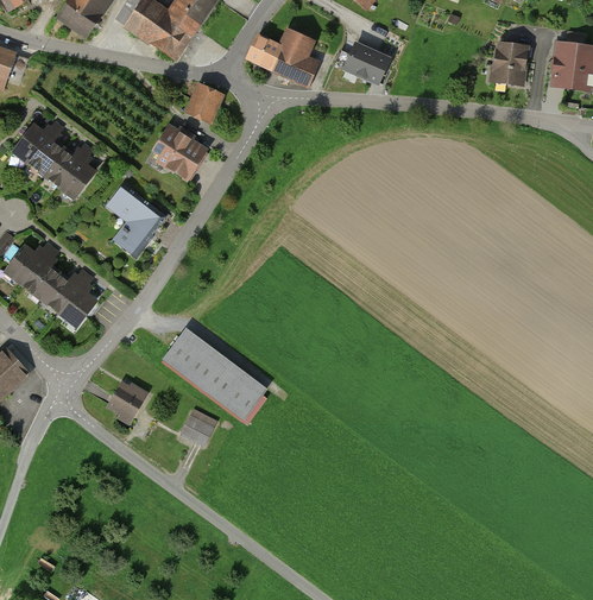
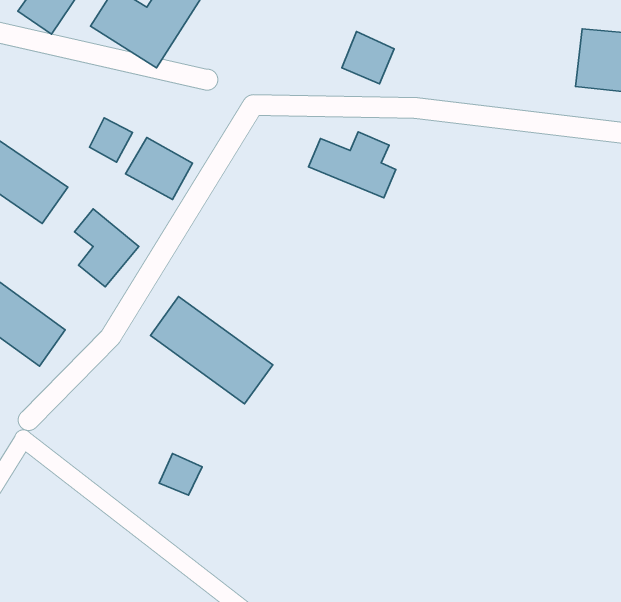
building: [246,21,323,80] -> [308,132,396,198]
building: [488,36,528,81] -> none
building: [184,84,222,124] -> [89,118,132,162]
building: [165,328,273,423] -> [150,296,273,404]
building: [107,378,151,422] -> none

